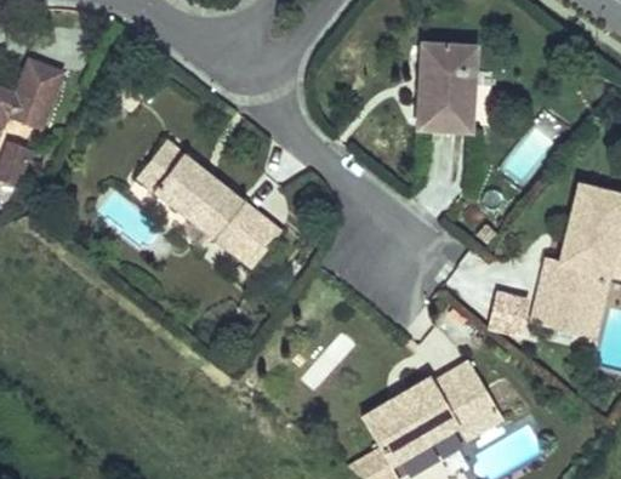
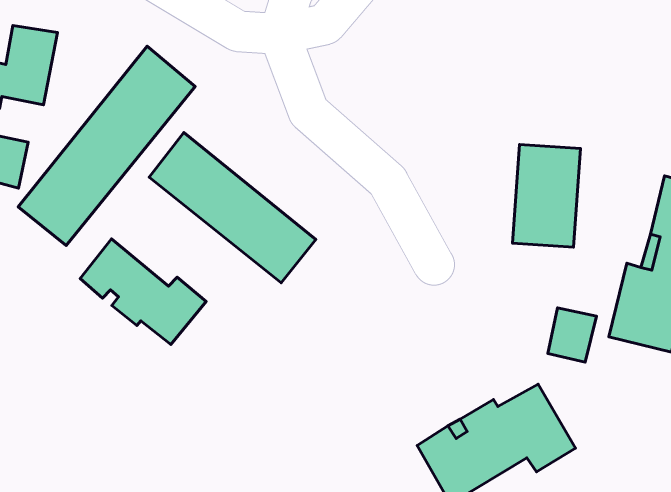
building: [421,41,480,131] -> [513,144,581,247]
building: none -> [18,46,195,245]
building: none -> [80,239,206,344]

